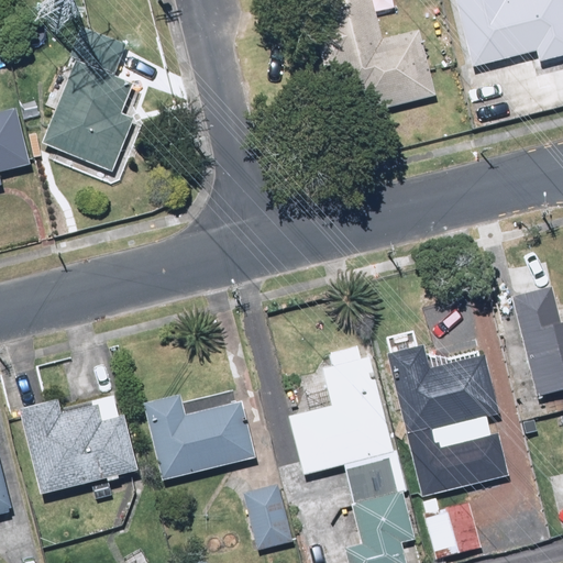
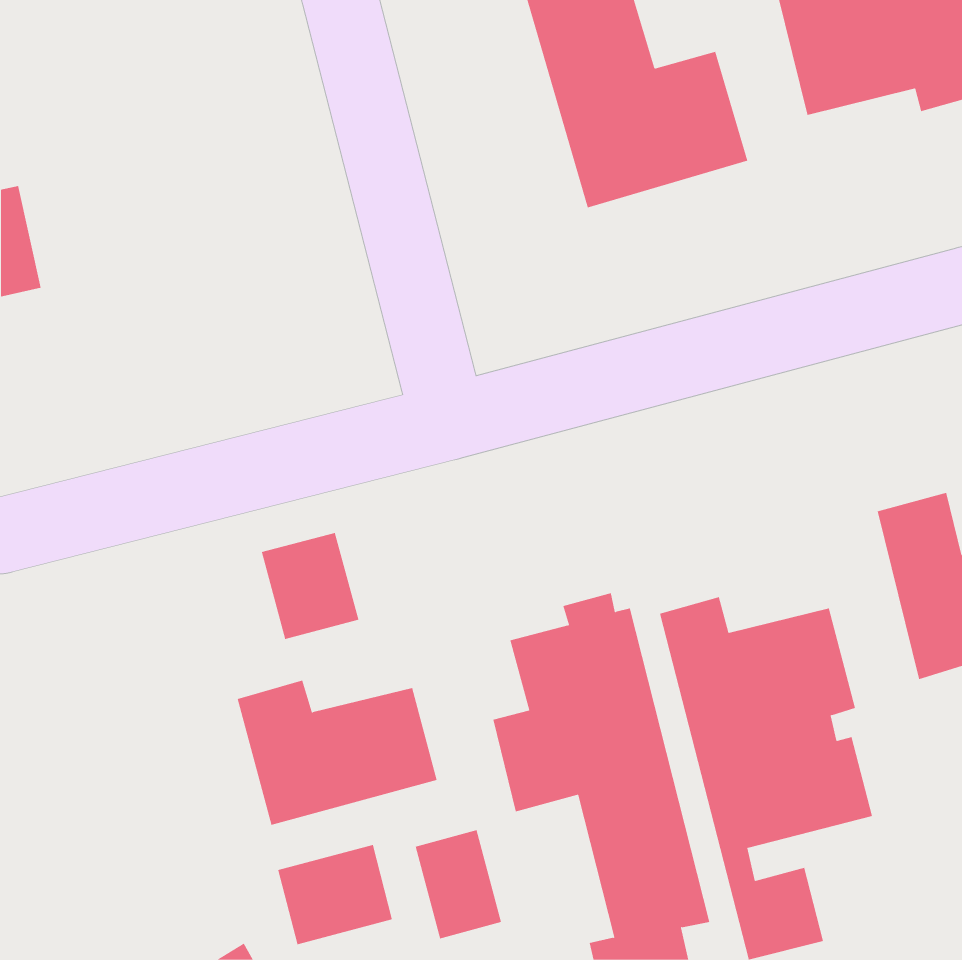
building: [42,63,147,176] -> none
building: none -> [261,532,359,640]
building: [15,393,142,495] -> none
building: none -> [277,844,393,945]

